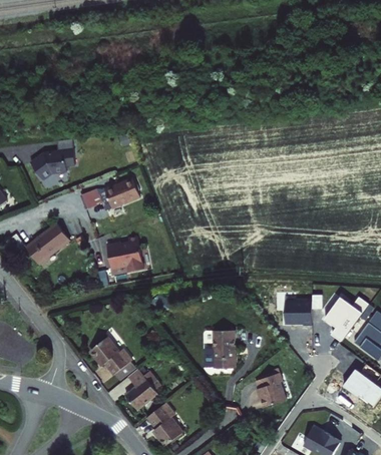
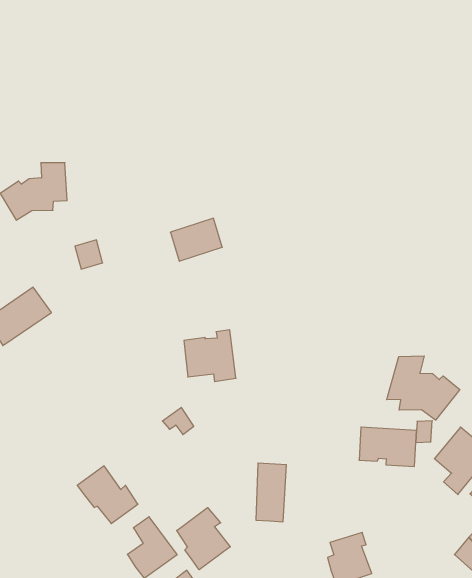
building: [102,177,137,207] -> [170,218,222,261]
building: [105,236,141,271] -> [184,330,236,382]
building: none -> [387,356,460,420]
building: none -> [177,508,230,570]

